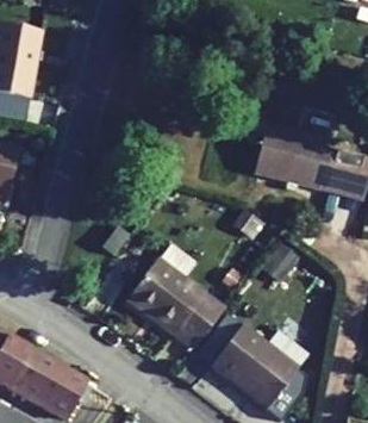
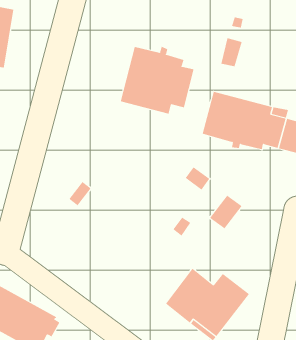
building: none -> [120,46,194,115]
building: [127,245,224,349] -> none

